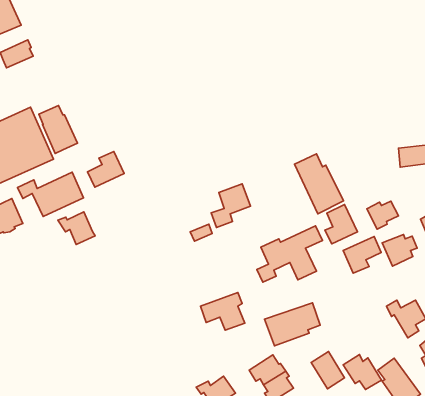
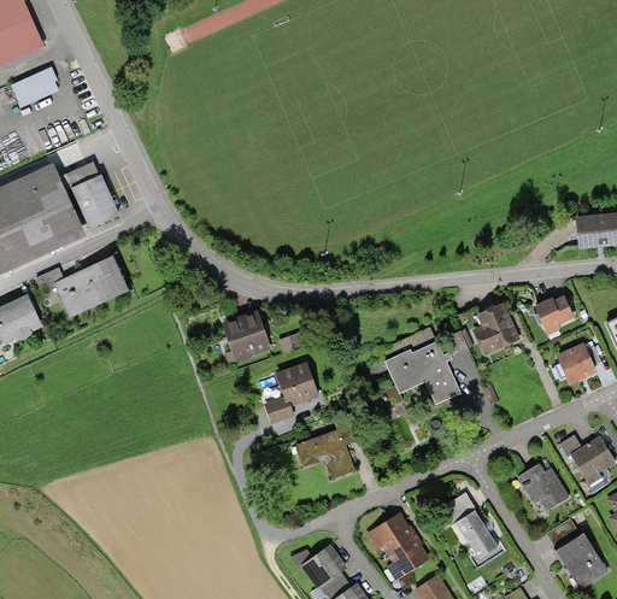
building: [88,151,124,187] -> none
building: [295,154,344,214] -> none
building: [211,184,251,227] -> [265,362,321,423]
building: none -> [221,307,272,359]
building: [58,212,95,245] -> none
building: [343,237,381,273] -> none
building: [265,303,320,346] -> none
building: [343,355,382,390] -> [516,462,570,511]

